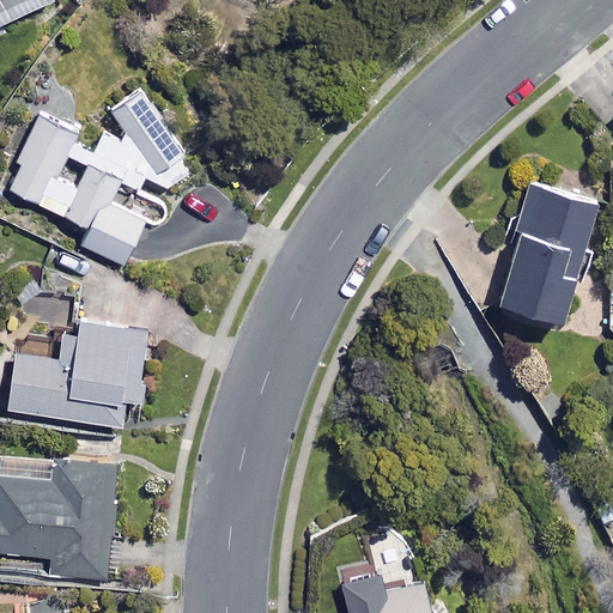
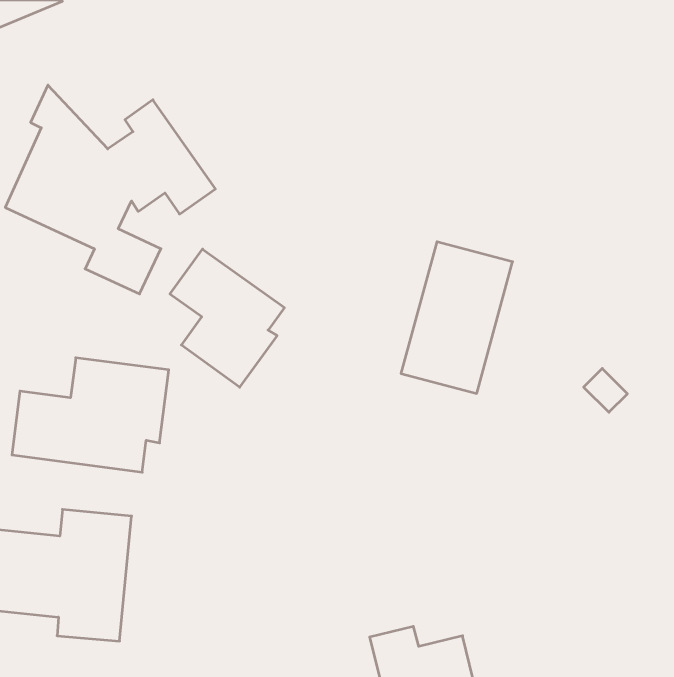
building: [487,174,588,310] -> [401,242,513,393]
building: none -> [170,249,284,387]

